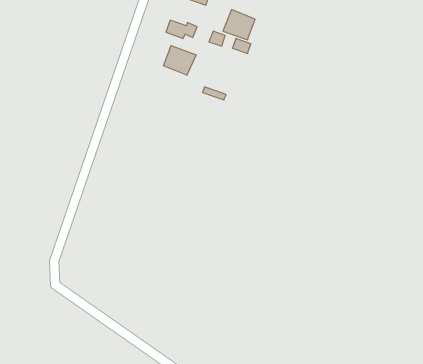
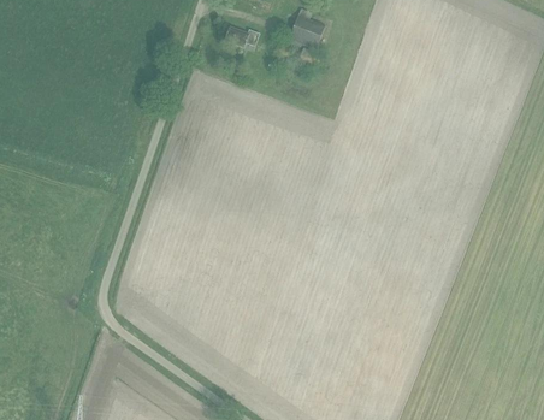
building: [164,45,196,75] -> none

